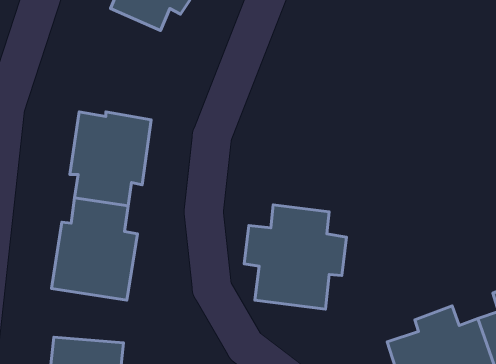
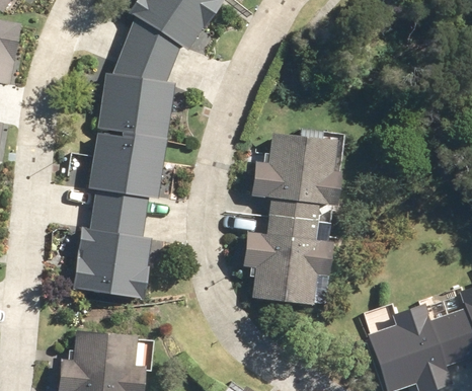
building: none -> [99,44,170,141]
building: none -> [251,133,342,221]

